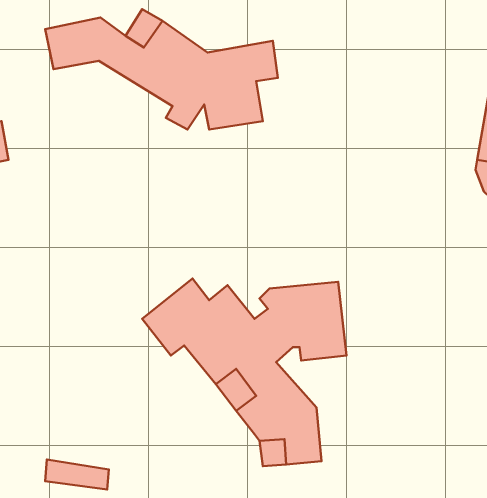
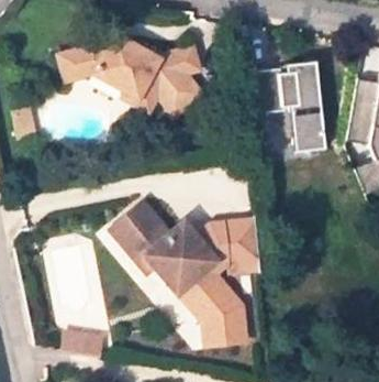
building: none -> [241,62,323,144]
building: none -> [111,198,159,244]

